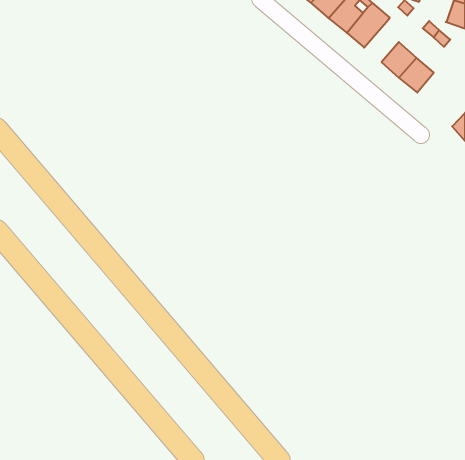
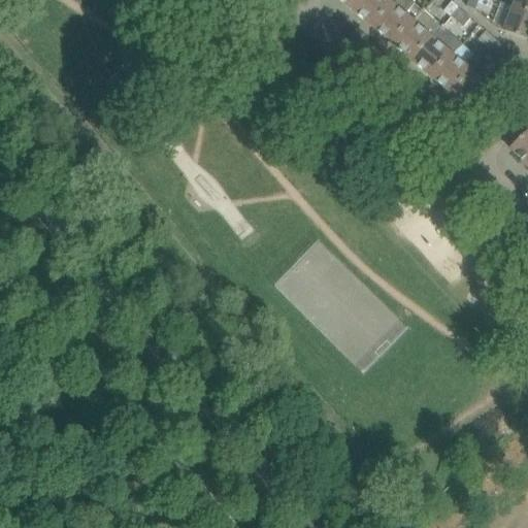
building: none -> [409,20,449,70]

